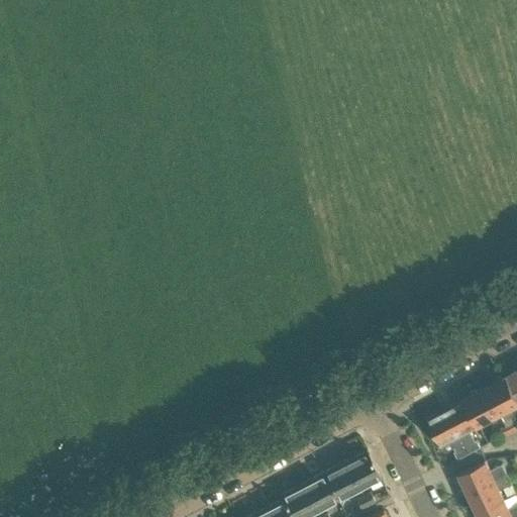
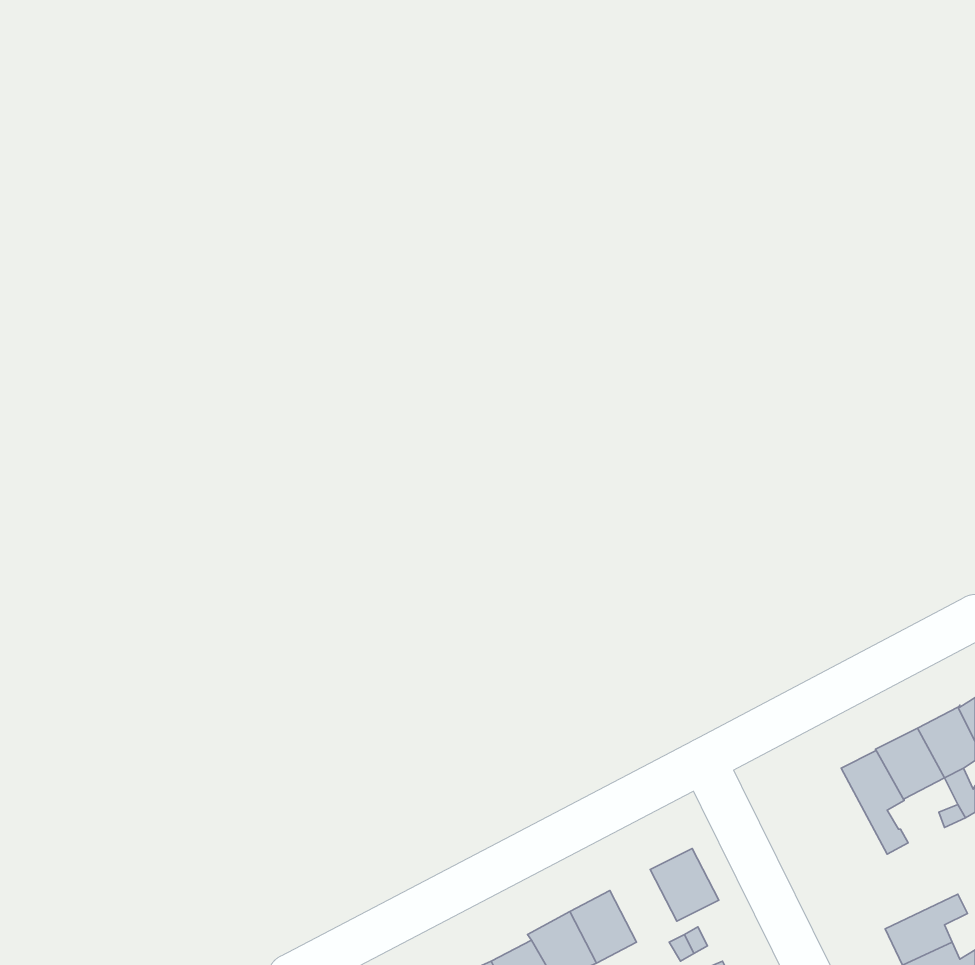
building: [425,412,469,463] -> none
building: [458,464,506,497] -> none
building: [322,466,357,504] -> none

